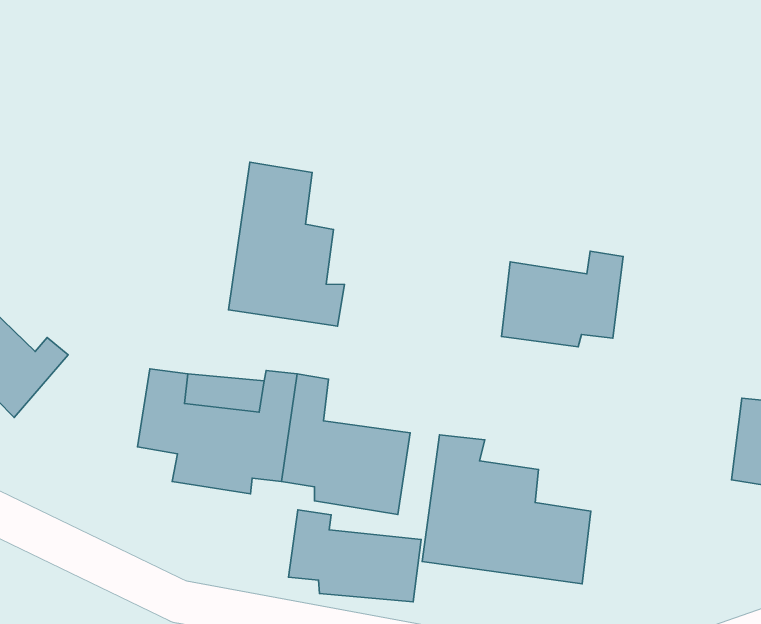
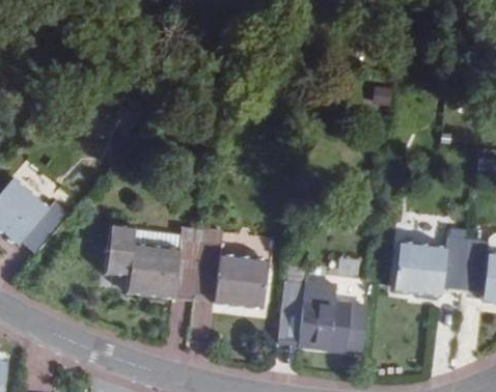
building: [228,162,345,326] -> none
building: [502,251,623,347] -> [399,244,472,301]
building: [288,510,421,602] -> none

